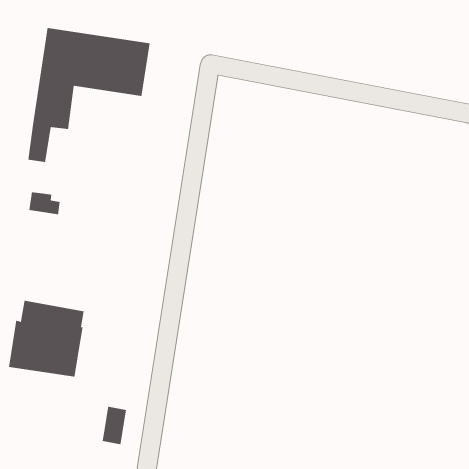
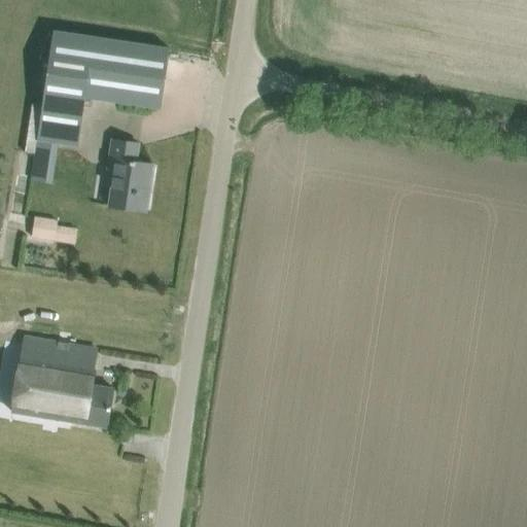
building: none -> [106,139,152,211]
building: [102,406,127,445] -> [84,384,112,427]

